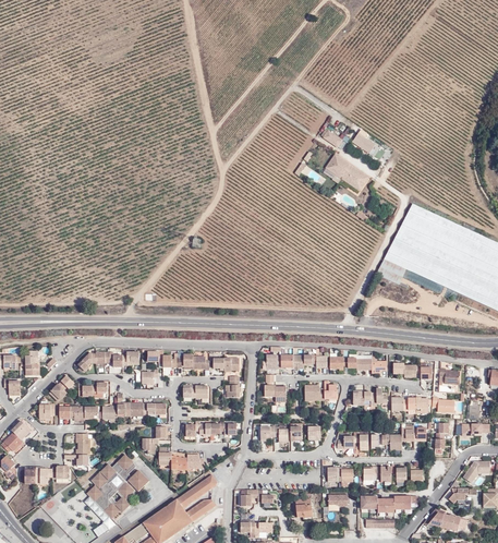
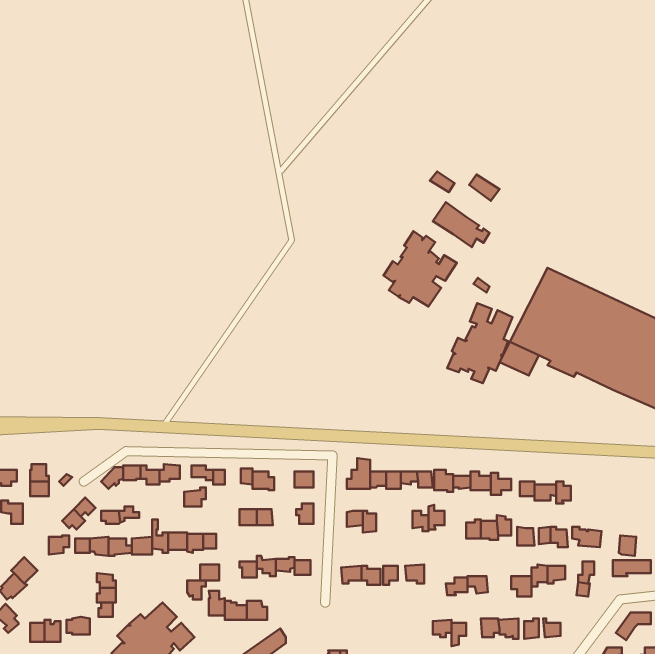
building: none -> [384,231,457,307]
building: none -> [447,303,513,383]

